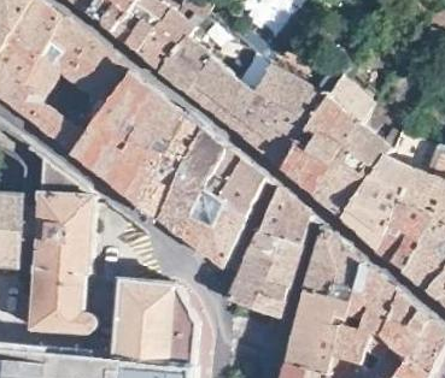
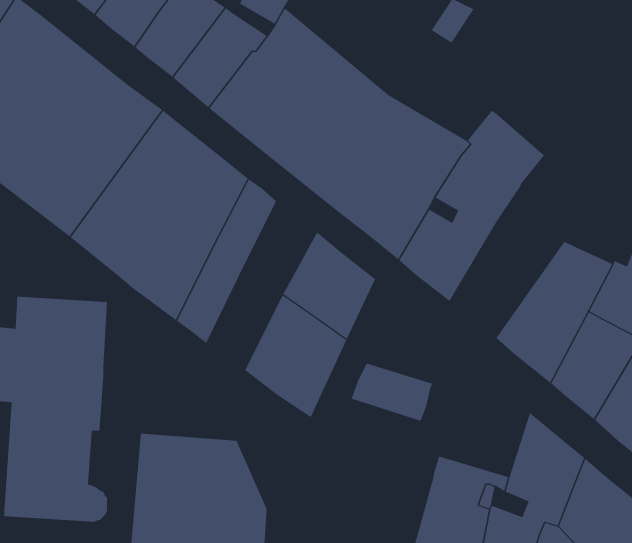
building: [311,122,391,217] -> none
building: [157,130,227,237] -> none
building: [258,190,309,246] -> none
building: [304,231,362,305] -> none
building: [228,255,293,321] -> none

